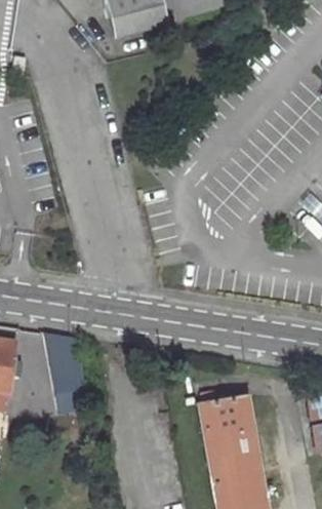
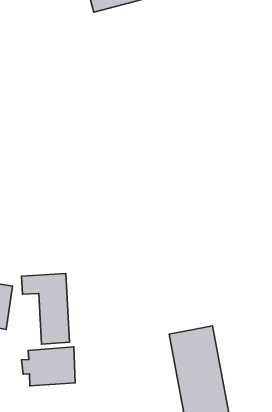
building: none -> [21,347,75,386]

